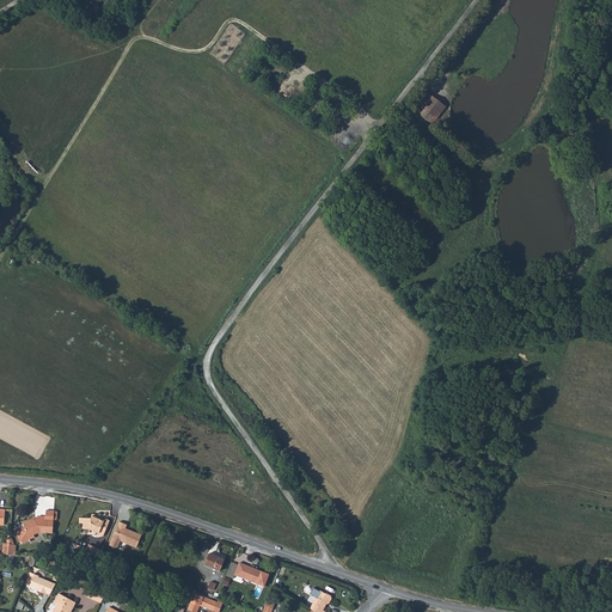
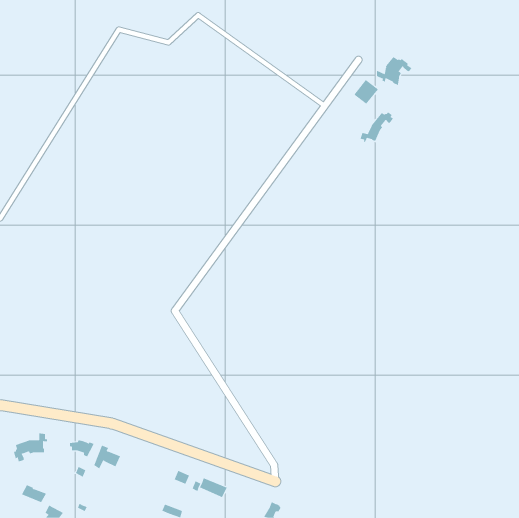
building: none -> [377,56,412,86]
building: none -> [360,112,394,142]

